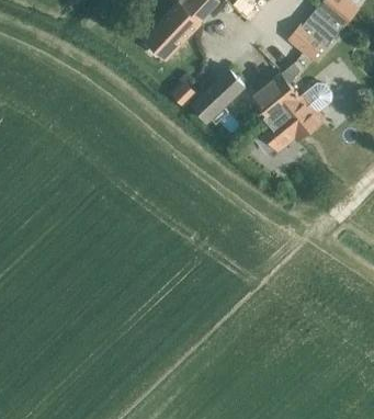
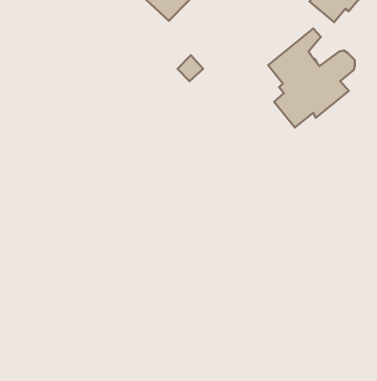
building: [193,69,245,120] -> none

